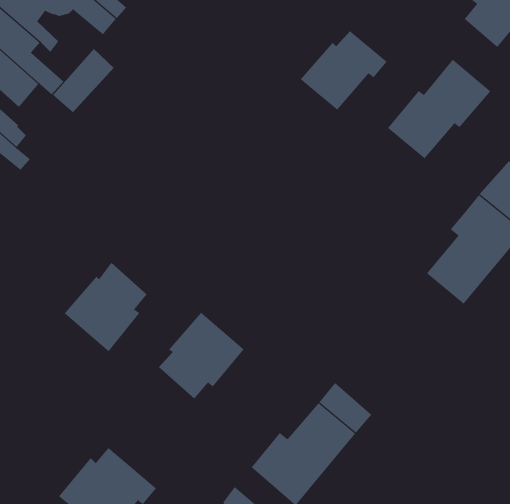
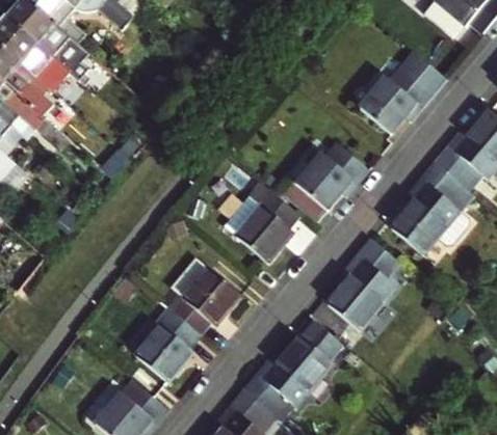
building: [300,30,387,111] -> [294,143,367,210]
building: [52,48,114,113] -> none
building: none -> [215,187,297,262]
building: [64,262,148,352] -> [129,306,199,381]
building: none -> [326,239,400,332]

